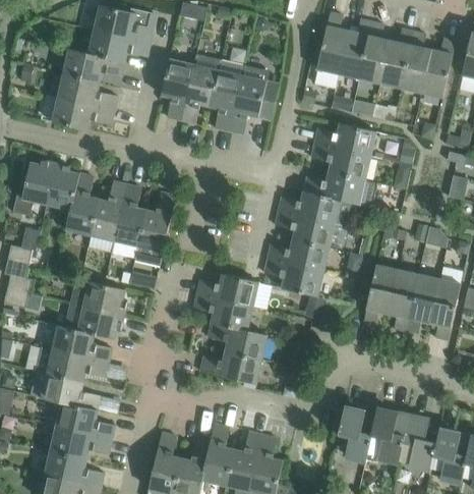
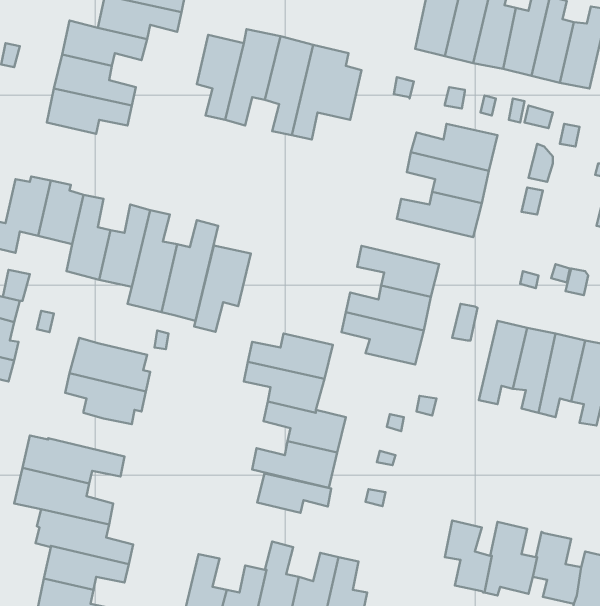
building: [279,191,351,226] -> none
building: none -> [194,246,251,332]
building: [54,326,112,363] -> none
building: none -> [257,474,331,513]

